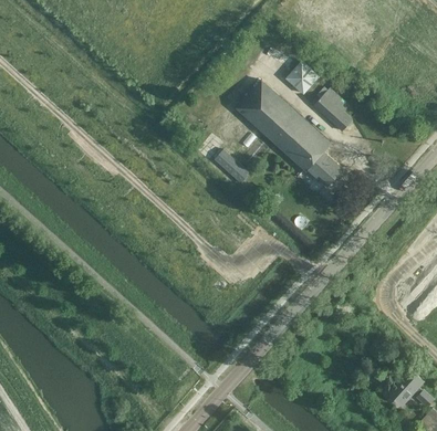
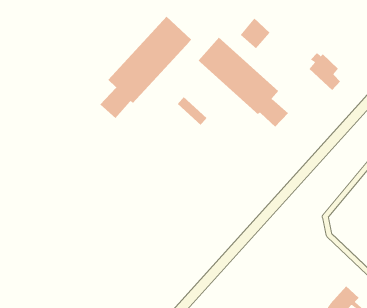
building: none -> [100,16,192,119]
building: [315,90,353,134] -> [308,53,341,91]

